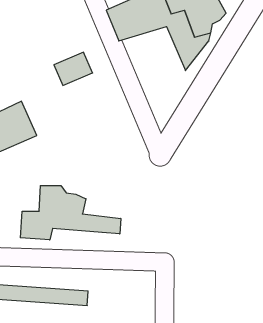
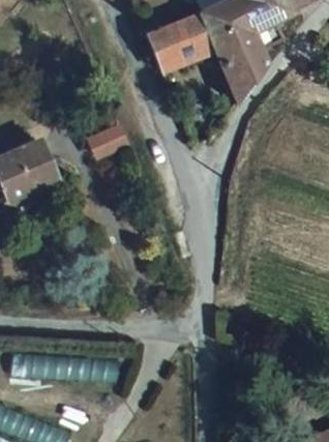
building: [54,52,93,85] -> [83,123,127,161]
building: [20,186,121,240] -> none

